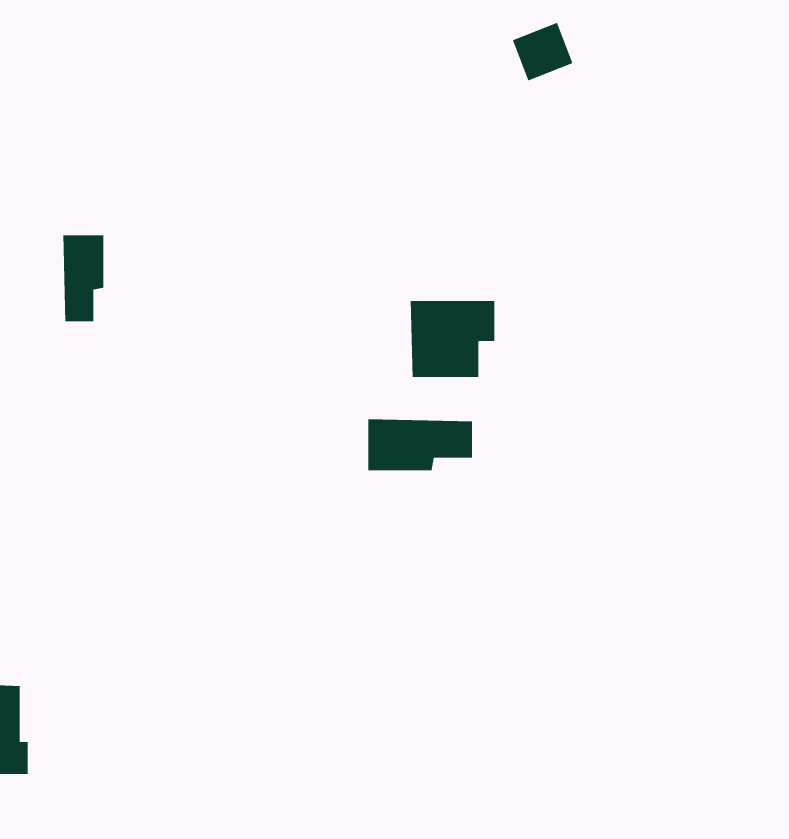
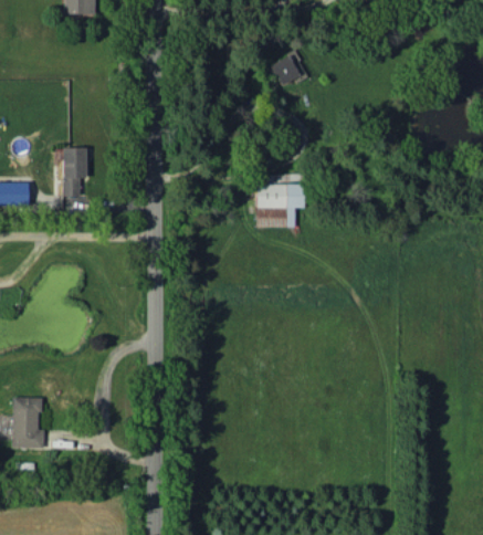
building: [512,22,573,81] -> [271,52,305,85]
building: [368,418,473,471] -> none

